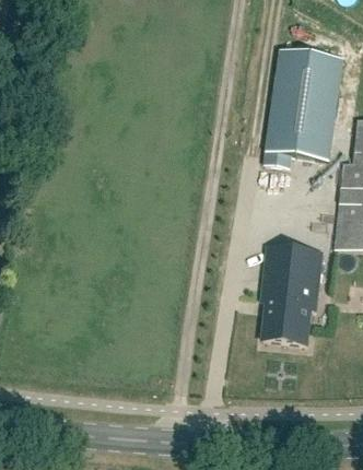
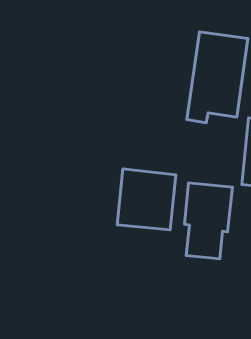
building: none -> [117,169,176,230]

